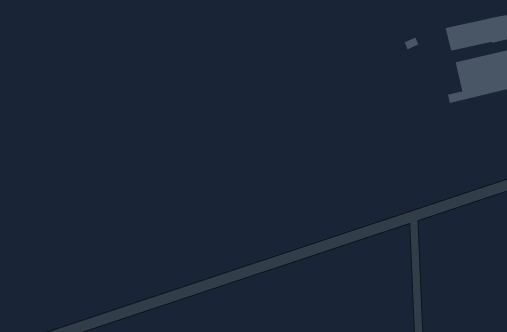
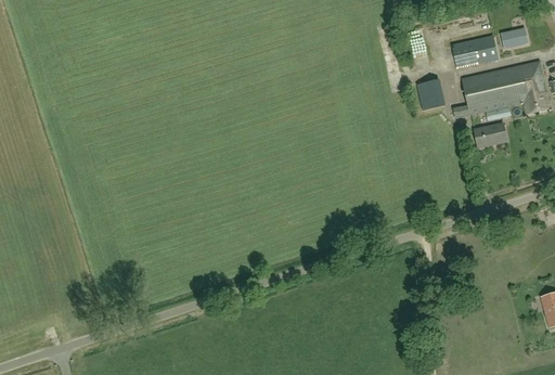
building: none -> [414,79,444,111]
building: none -> [475,122,507,147]

